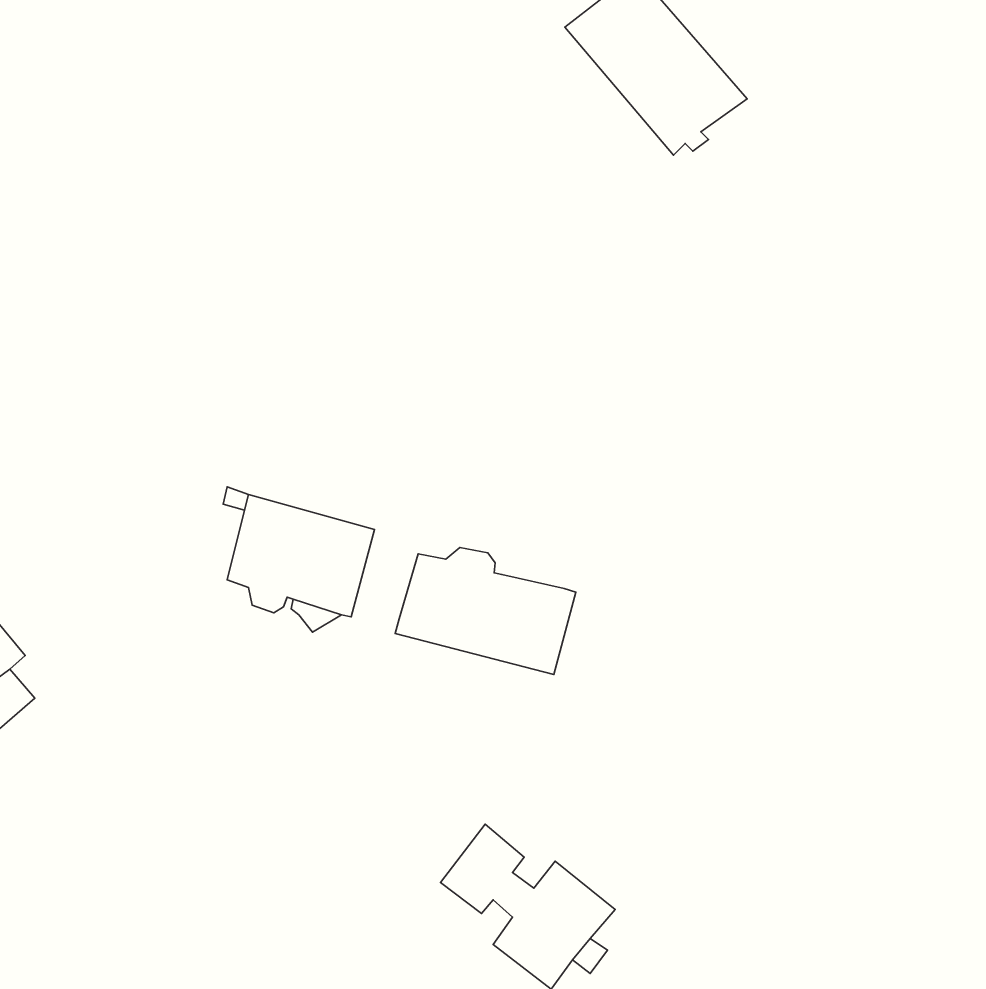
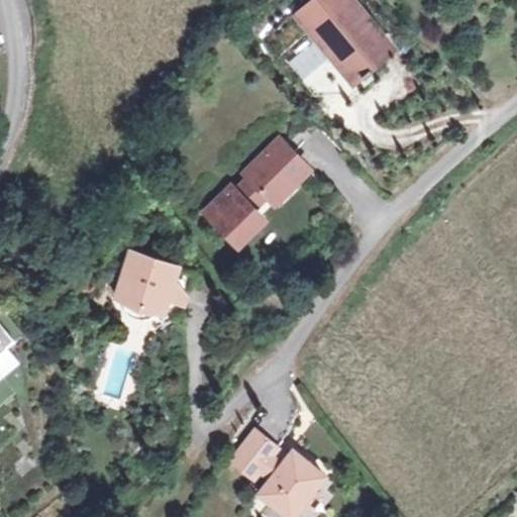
building: none -> [203,138,311,240]
building: [395,547,576,674] -> none

